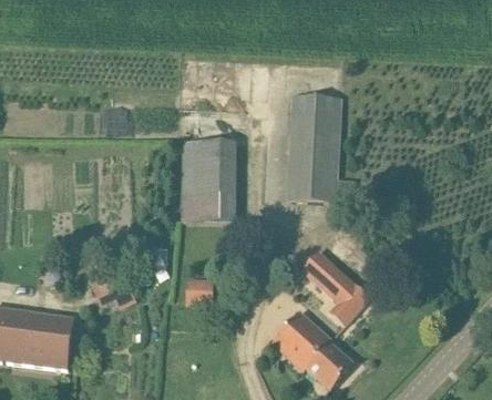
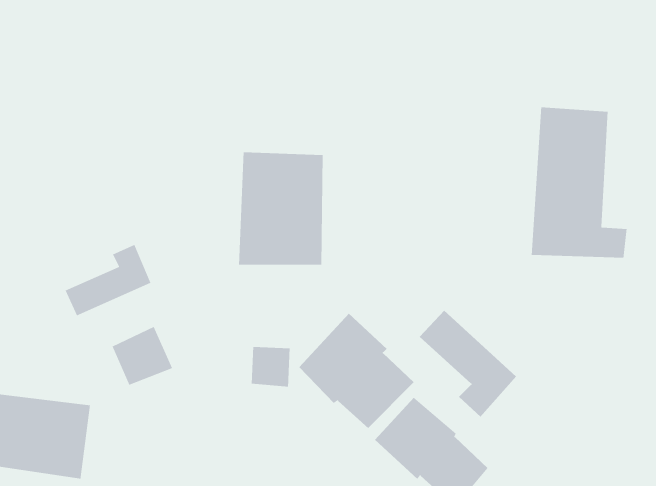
building: [286,94,353,201] -> [531,106,627,259]
building: none -> [65,244,151,316]
building: none -> [299,313,414,429]

